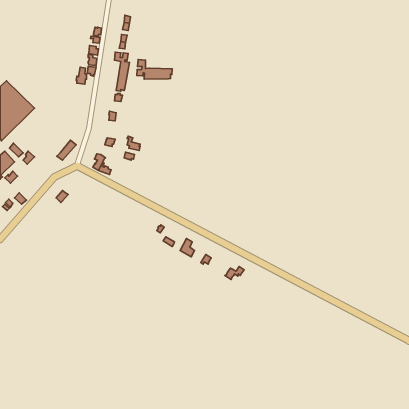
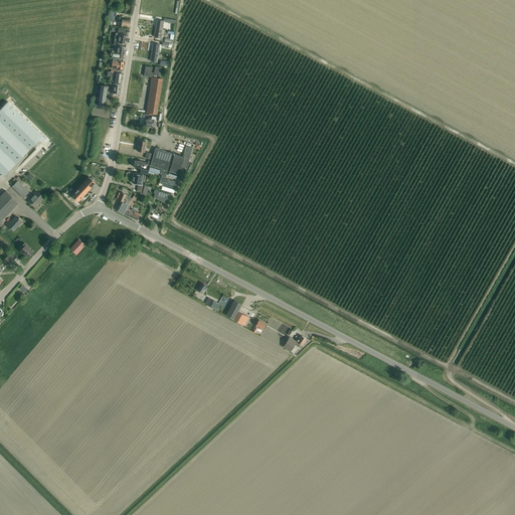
building: [137,60,172,79] -> none
building: none -> [150,146,192,174]

